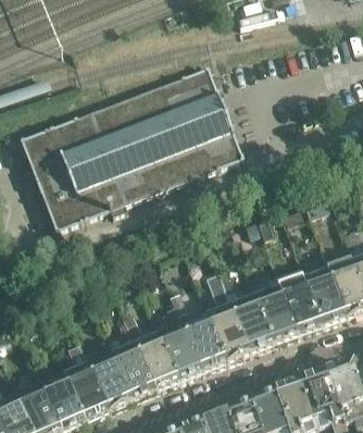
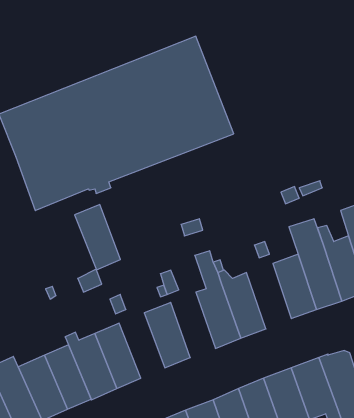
building: [255,283,298,345] -> none
building: [184,310,226,372] -> none
building: [135,330,178,392] -> [75,205,120,270]

